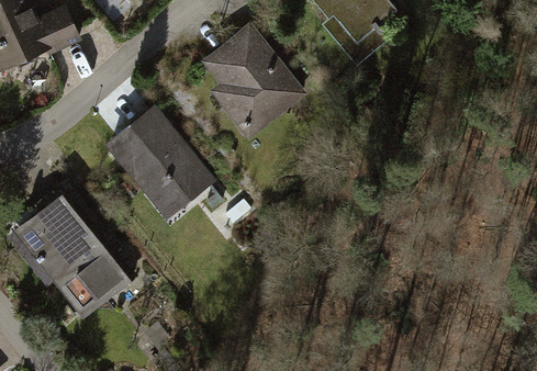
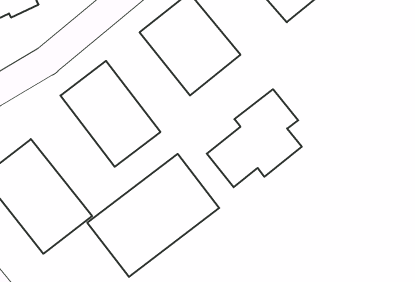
building: none -> [207,89,302,187]
building: none -> [87,154,219,277]

